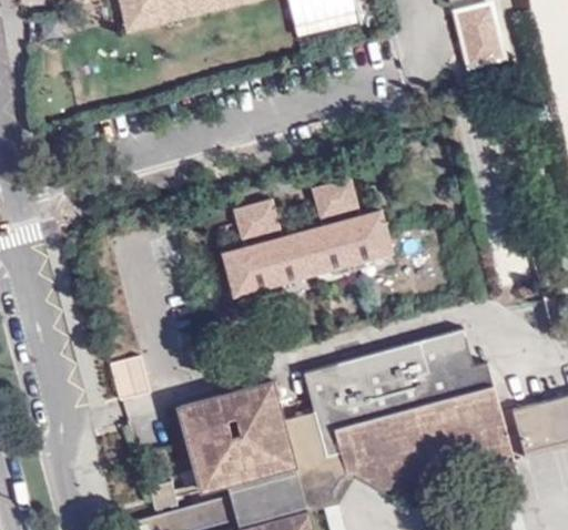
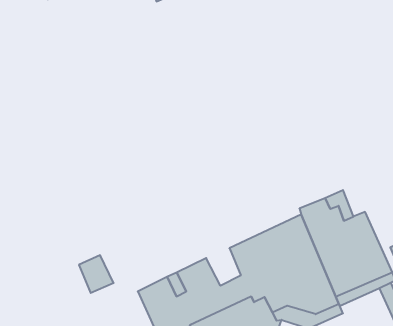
building: [219,180,394,297] -> none

